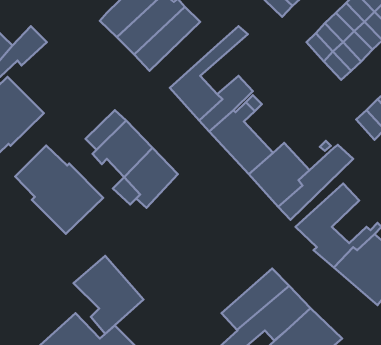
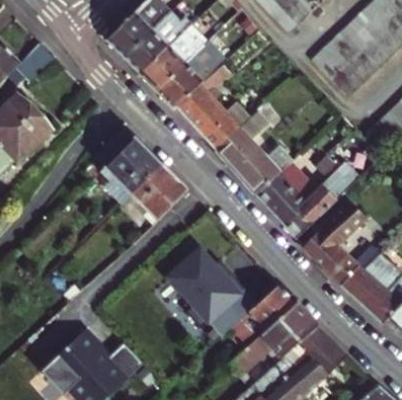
building: none -> [157,39,228,107]
building: [15,145,103,234] -> none
building: [74,256,144,334] -> [170,249,240,327]

